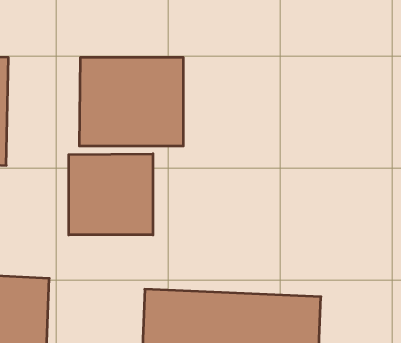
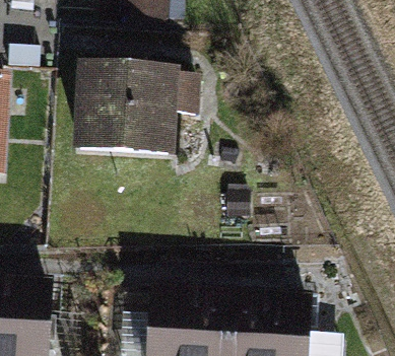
building: [69,154,153,235] -> none

